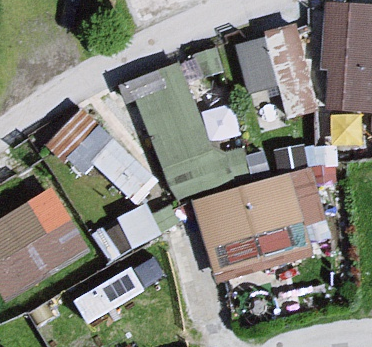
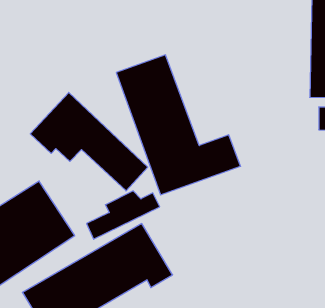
building: [234,27,319,127] -> none
building: [193,174,321,274] -> none

